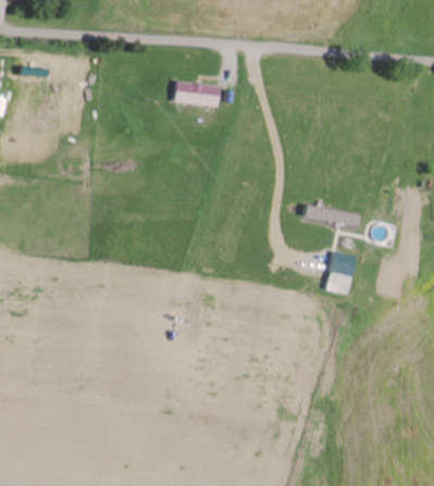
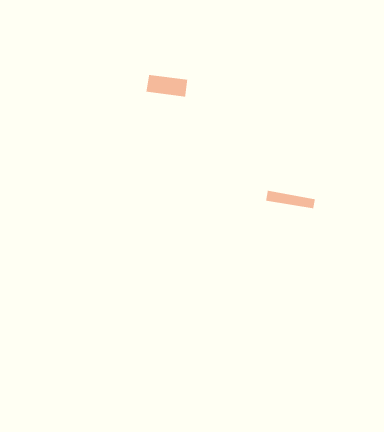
building: [324,252,355,295] -> none

